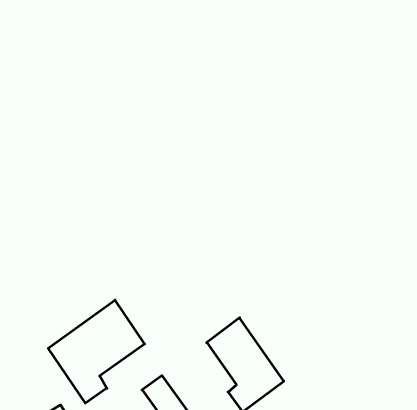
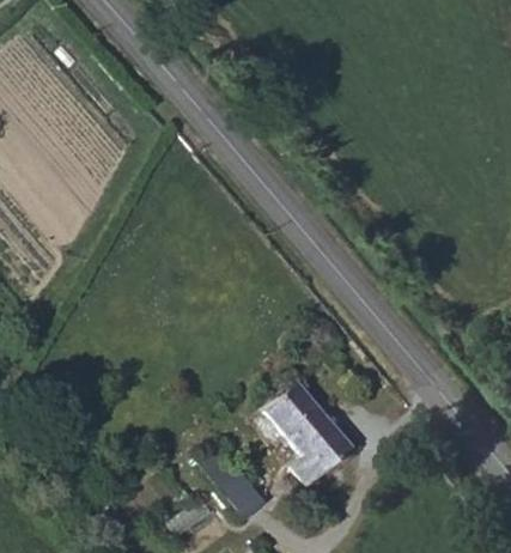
building: [48,300,145,403] -> none

